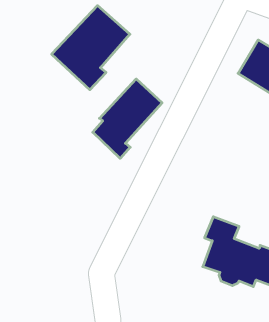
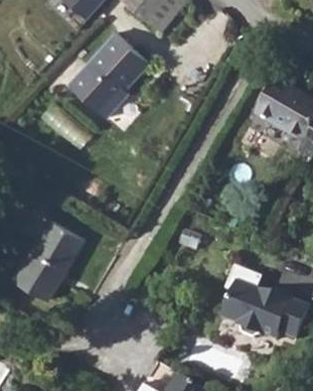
building: [93,79,162,158] -> none
building: none -> [16,215,84,293]

